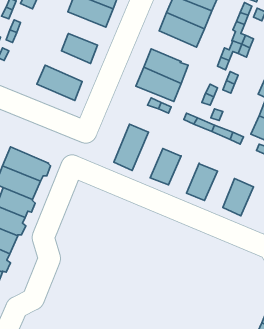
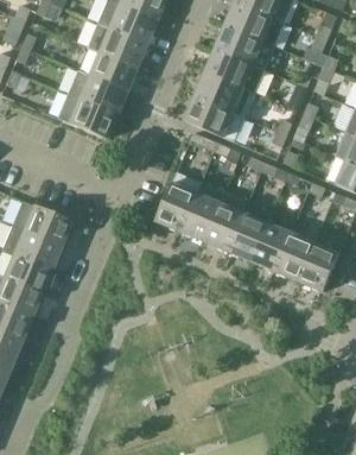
building: none -> [85,24,146,68]
building: none -> [205,49,265,94]
building: none -> [66,71,126,115]
building: none -> [180,182,225,241]
building: none -> [228,201,274,261]
building: none -> [275,233,314,280]

